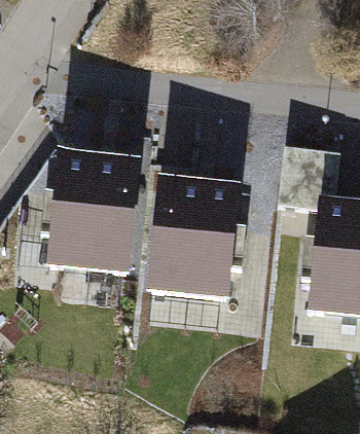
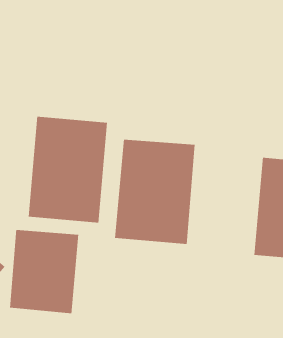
building: none -> [10,229,79,314]

